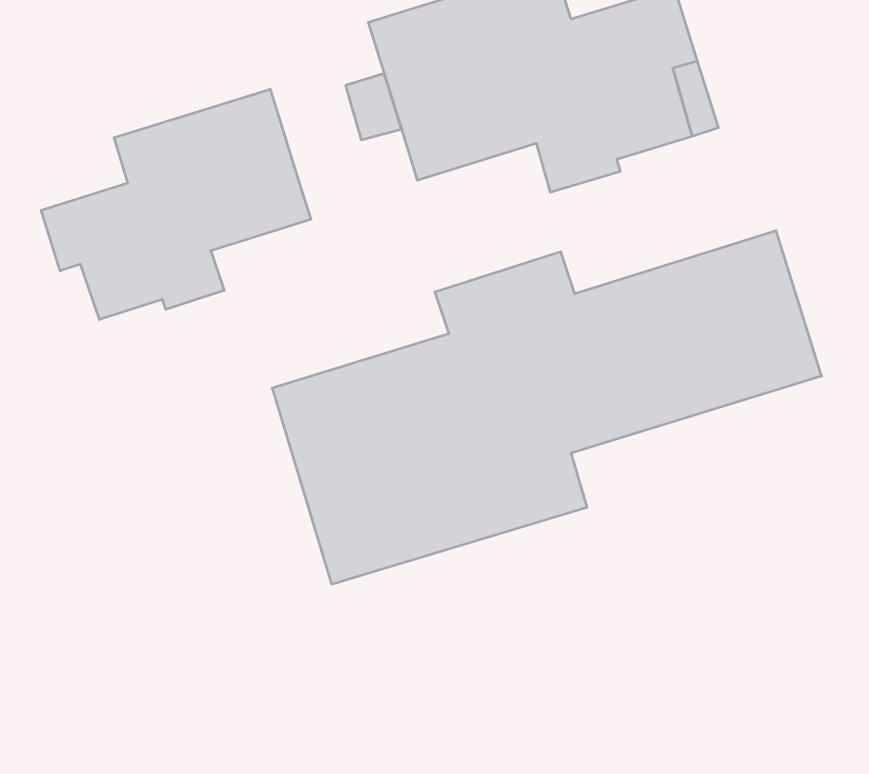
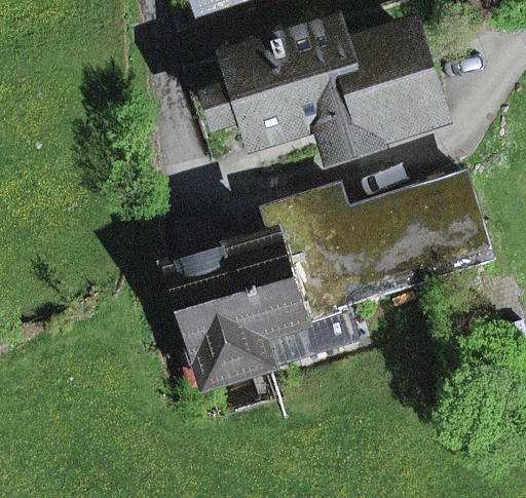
building: [41,89,311,320] -> none

